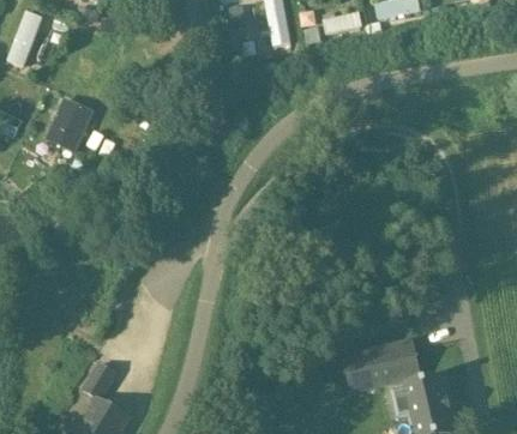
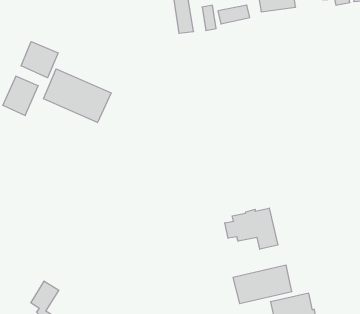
building: none -> [21,42,58,78]
building: none -> [43,69,111,123]
building: none -> [225,208,278,249]

